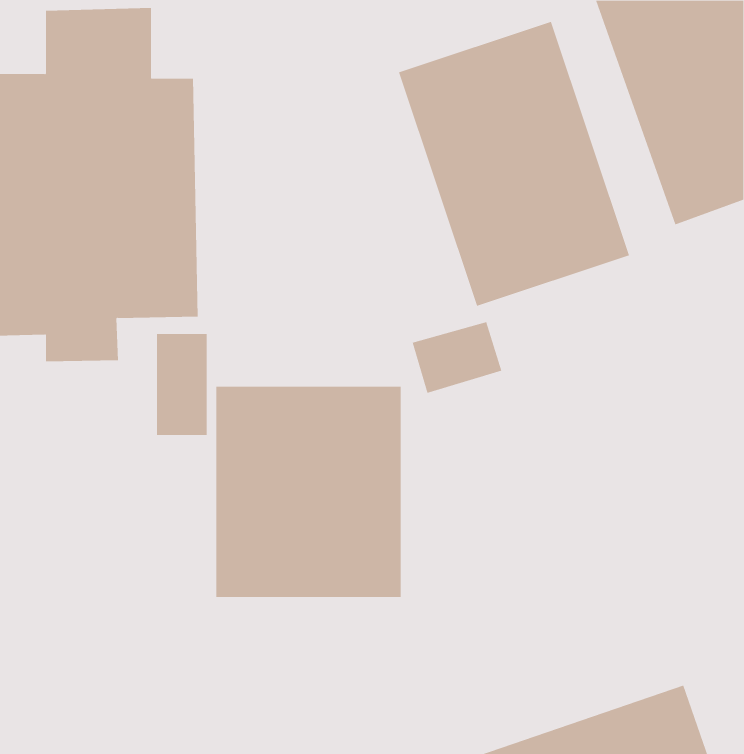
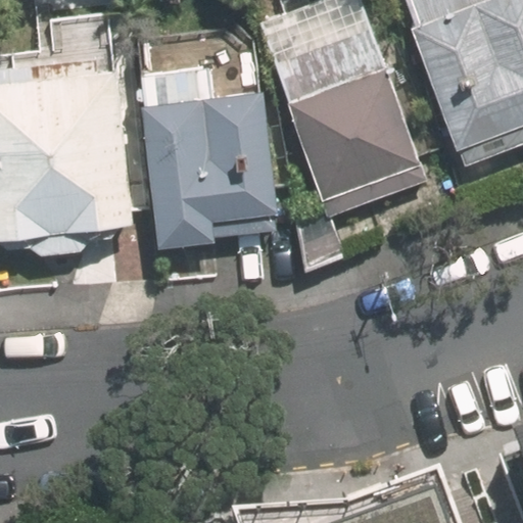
building: none -> [148,66,275,244]
building: [216,386,401,598] -> none

